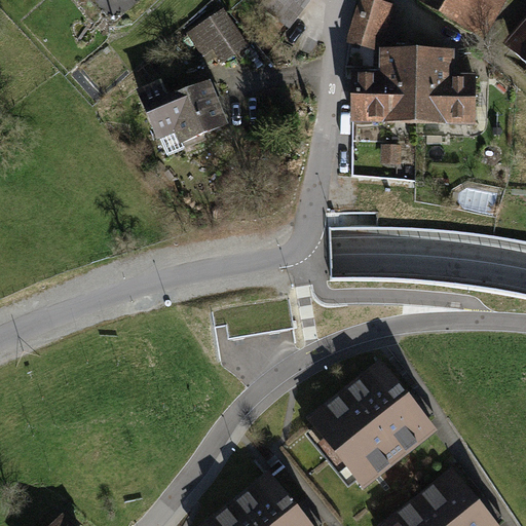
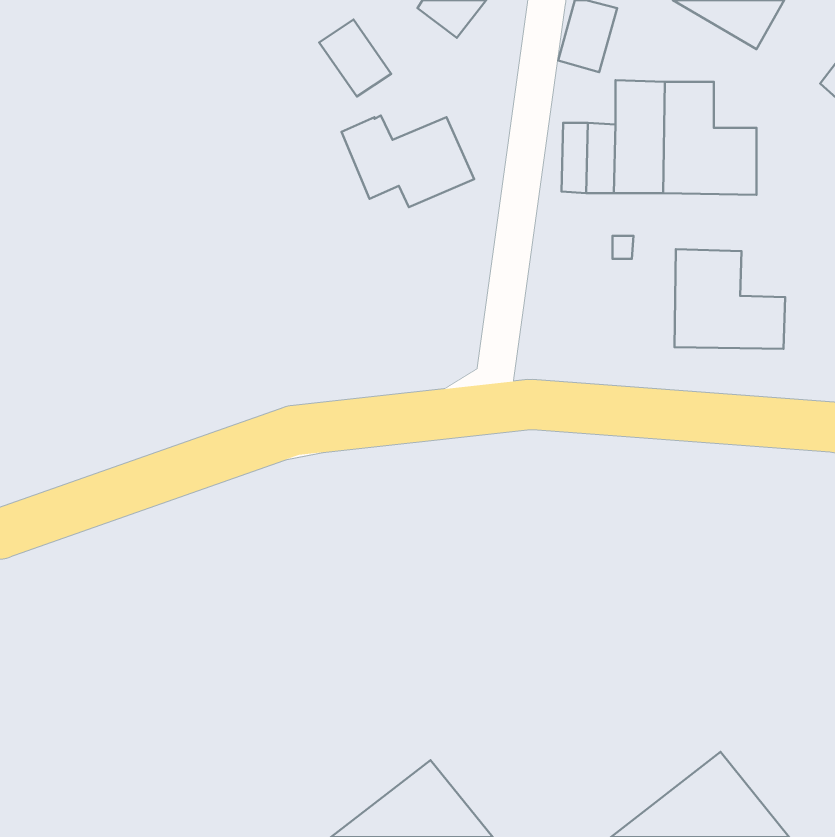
building: [142,85,225,143] -> [342,115,474,207]
building: none -> [675,249,785,349]
building: [312,365,434,485] -> none

